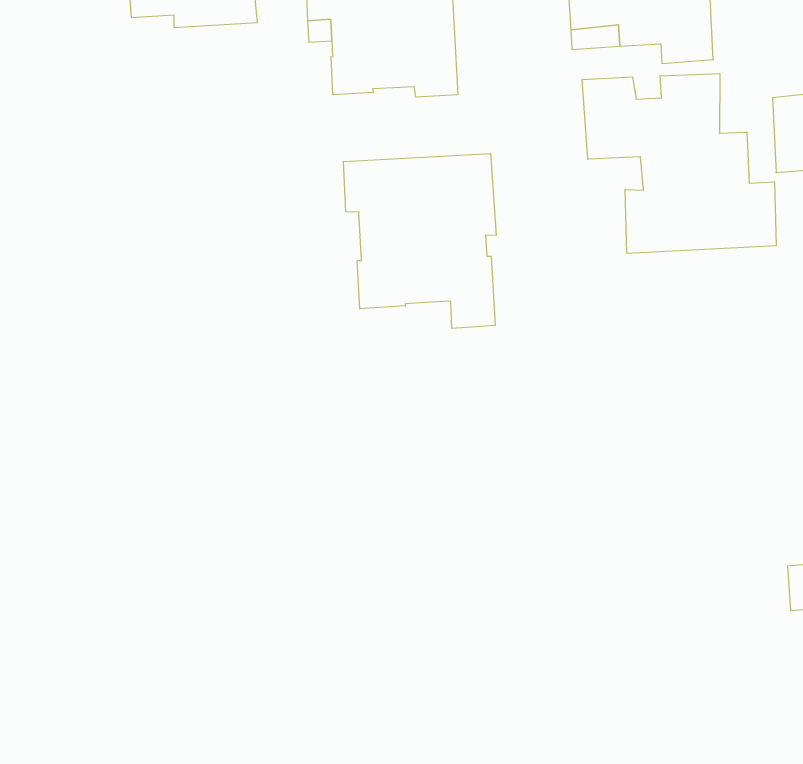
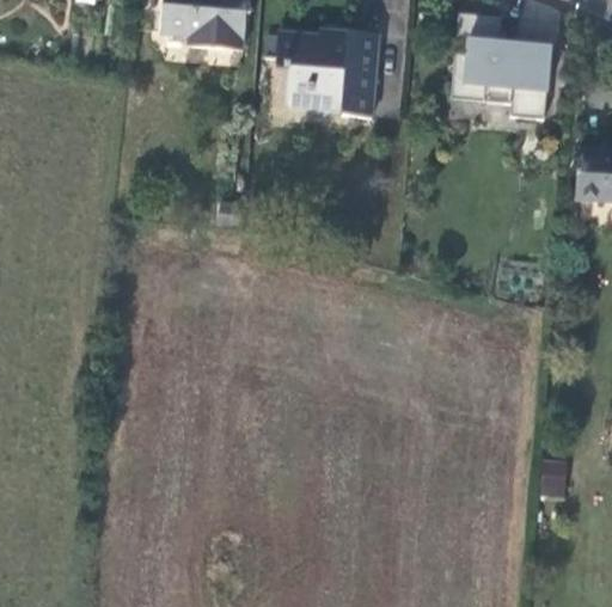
building: [582,74,776,253] -> none
building: [344,153,496,328] -> none

